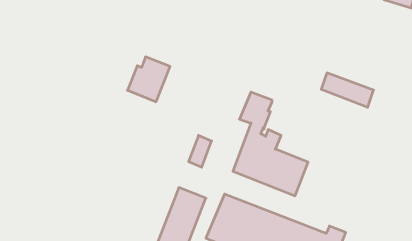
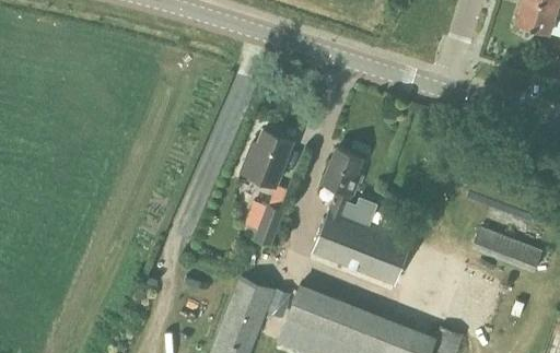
building: [127,57,170,102] -> [238,128,295,188]
building: [321,73,374,107] -> [470,228,540,274]

